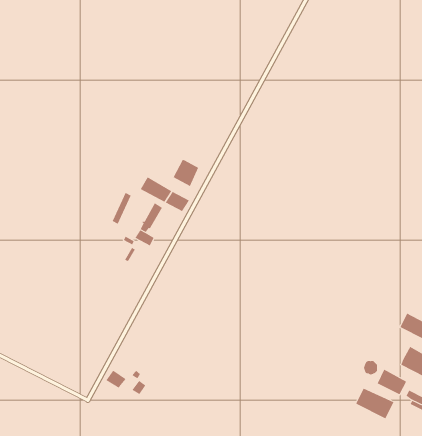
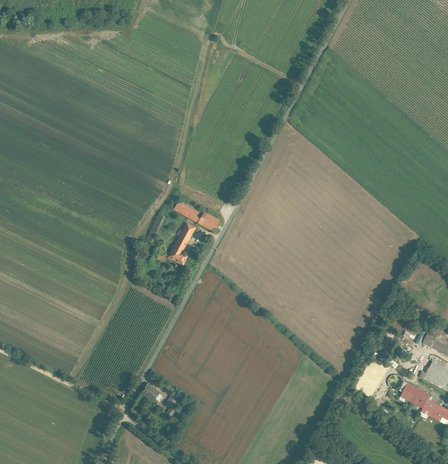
building: [173,159,199,187] -> none
building: [356,388,394,419] -> none

